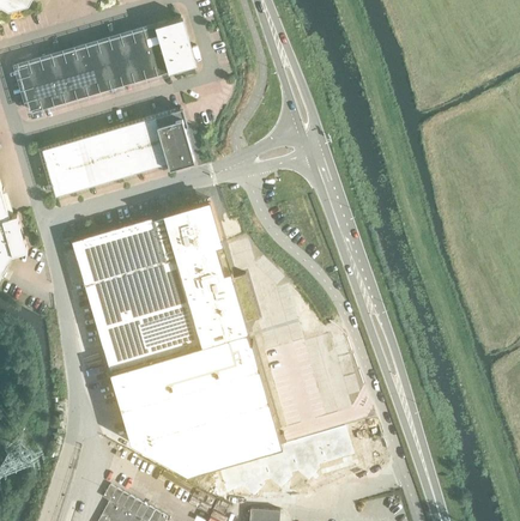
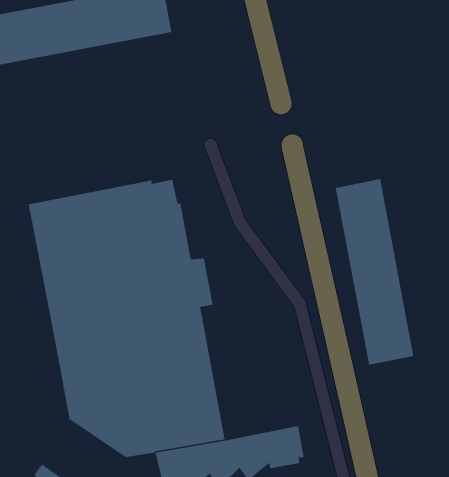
building: [41,110,193,198] -> none
building: none -> [335,178,414,366]

